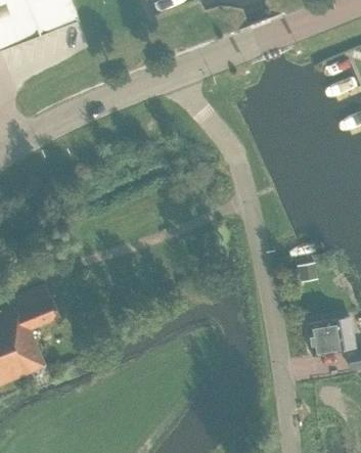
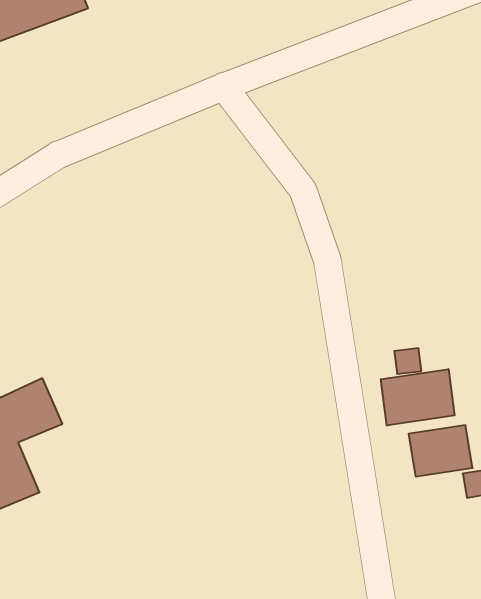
building: none -> [381,369,455,426]

